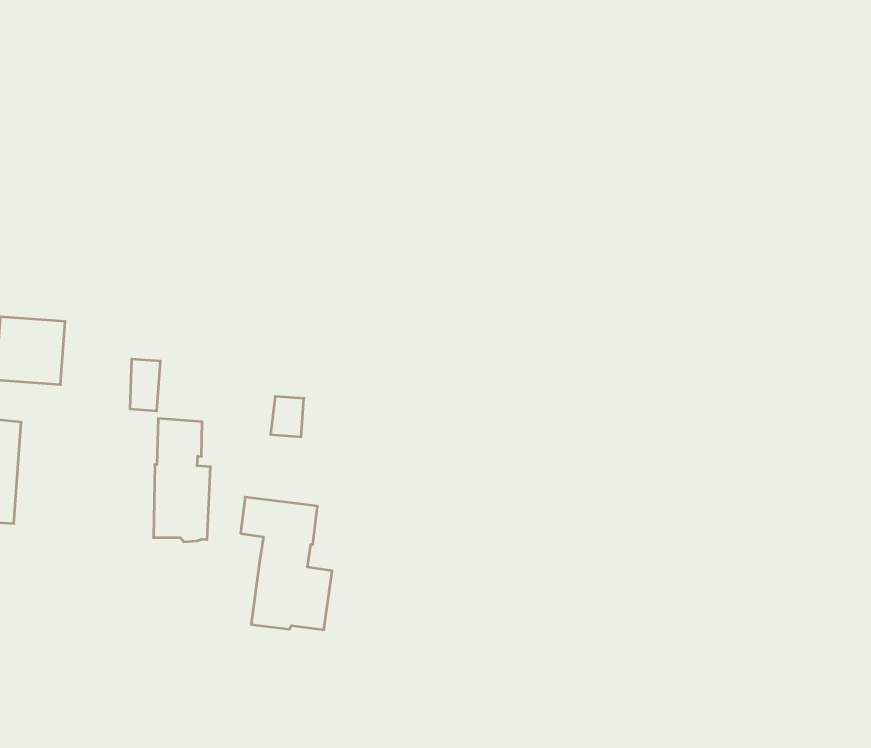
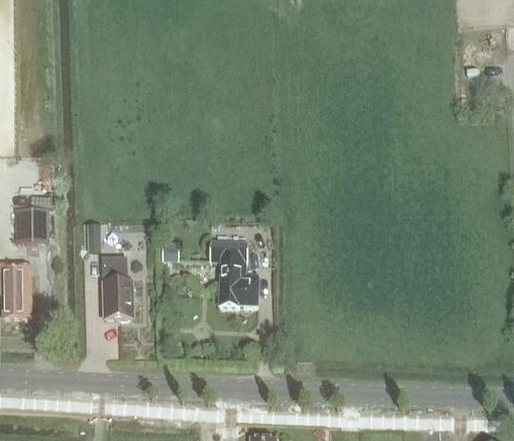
building: [241,497,332,630] -> [209,239,259,307]

